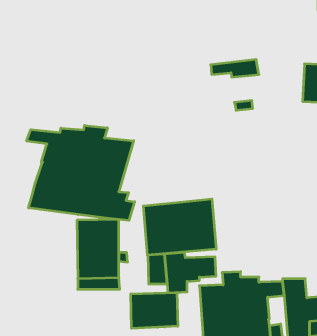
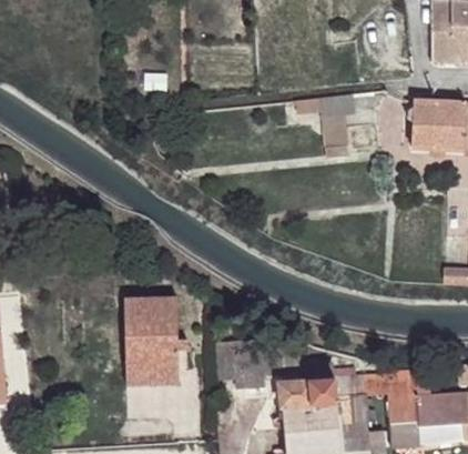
building: [27,125,135,220] -> none
building: [143,199,216,255] -> none
building: [131,292,178,328] -> none

